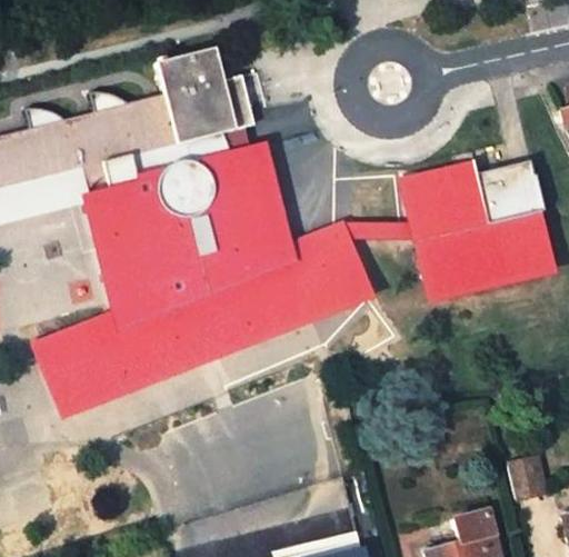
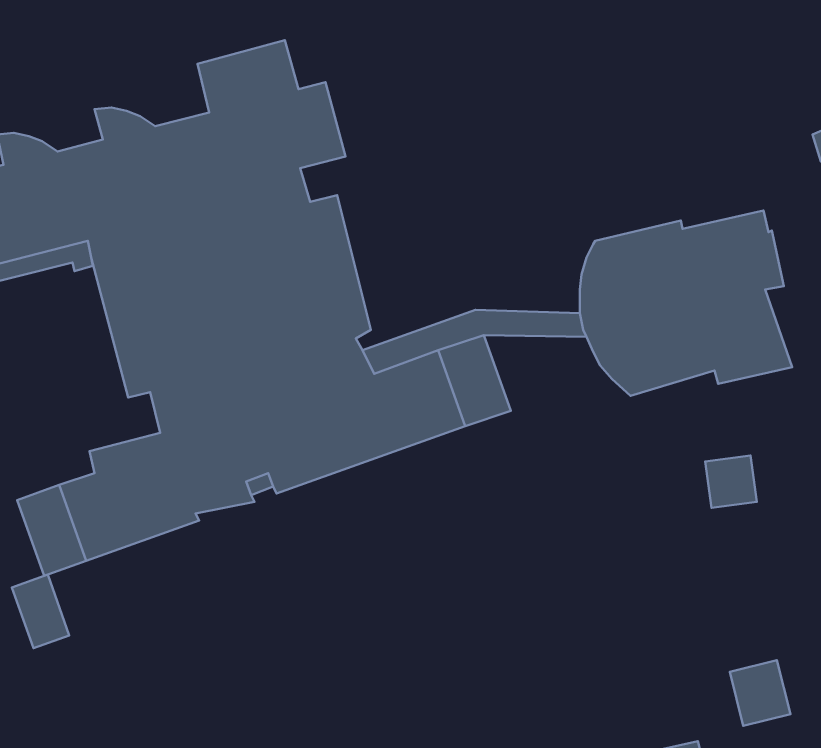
building: none -> [705,455,757,508]
building: none -> [12,575,69,648]

